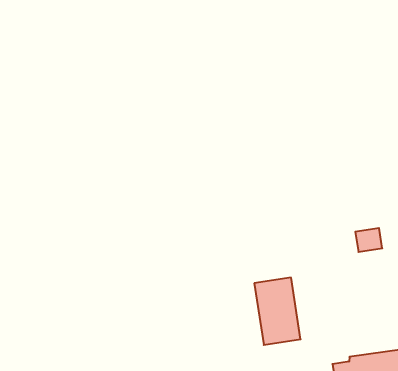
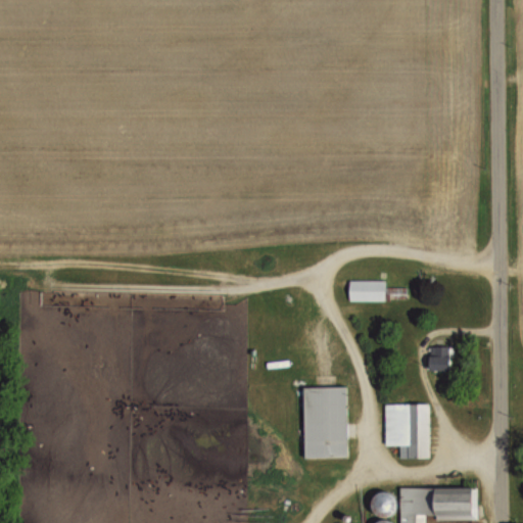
building: none -> [350,279,387,300]
building: none -> [382,403,429,459]

